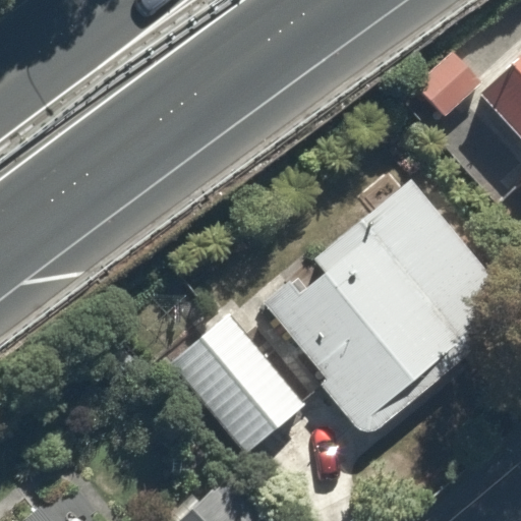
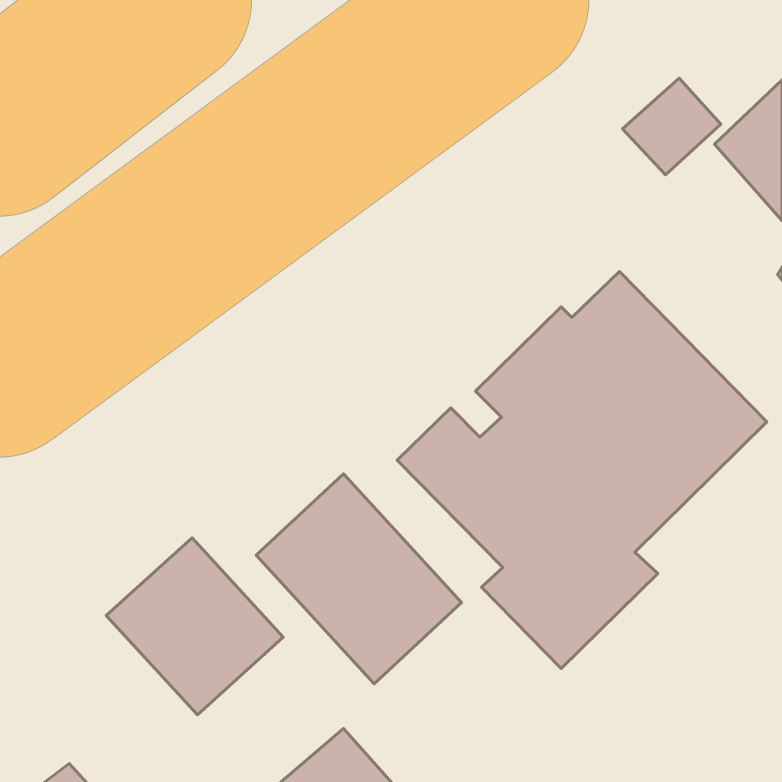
building: none -> [106,538,283,715]

